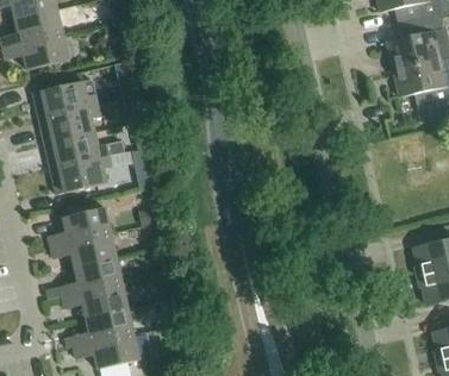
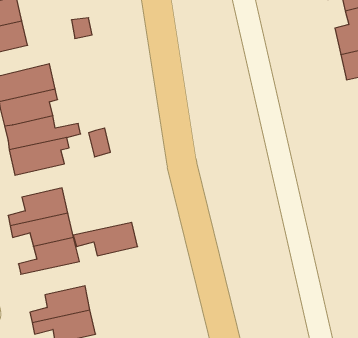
building: [61,283,127,318] -> [73,222,138,256]

